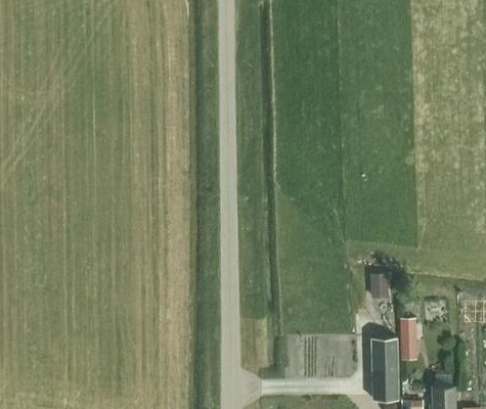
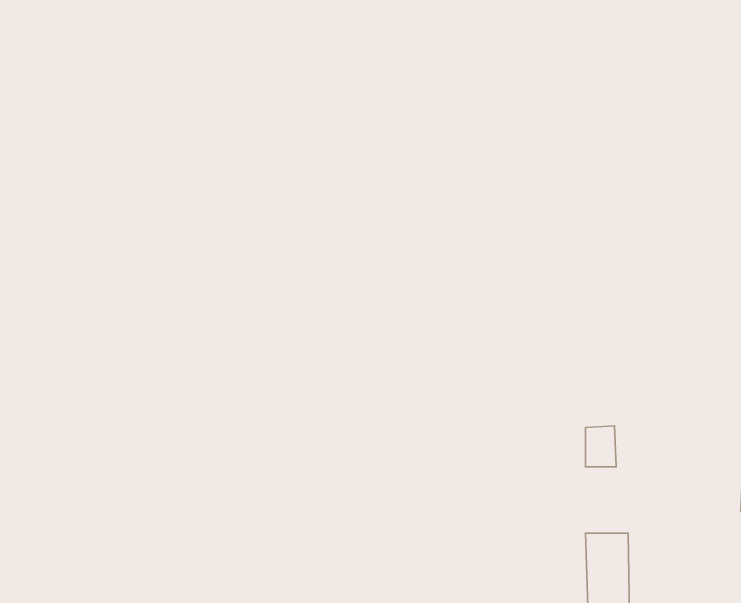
building: [400,318,418,358] -> none

